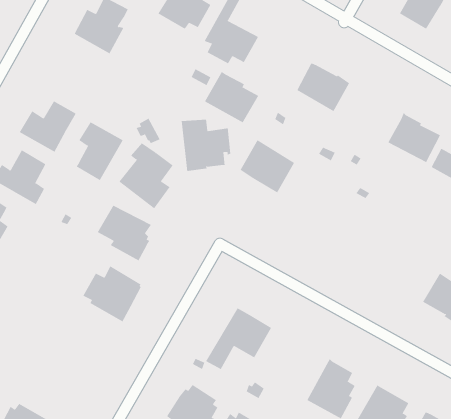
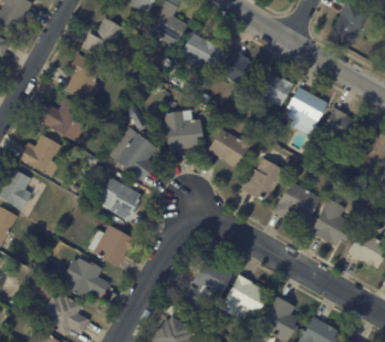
building: [204,71,259,123] -> [218,49,260,89]
building: none -> [288,86,329,131]
building: [76,121,123,181] -> [66,53,103,99]
building: none -> [241,158,285,203]
building: none -> [274,182,321,222]
building: none -> [311,199,356,247]
building: none -> [63,256,111,298]
building: none -> [222,273,263,312]
building: none -> [43,293,91,335]

